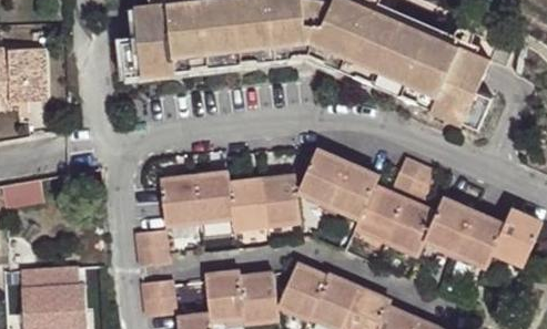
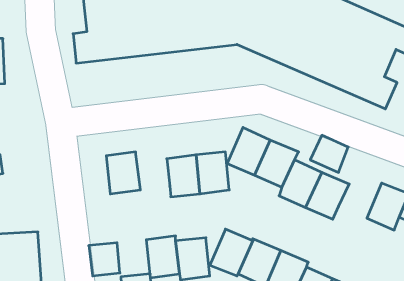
building: [194,174,233,220] -> none
building: [425,199,474,253] -> none
building: [135,229,171,268] -> none

